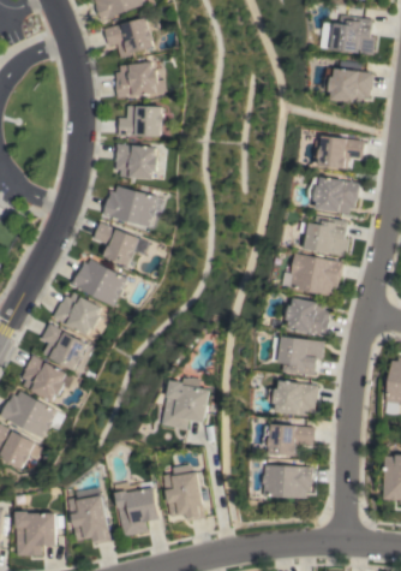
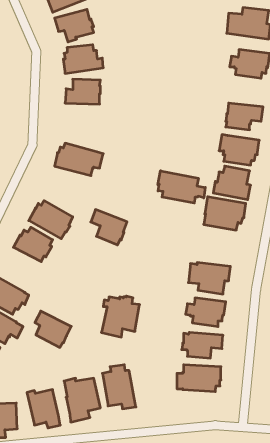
building: [114,144,157,180] -> none
building: none -> [158,171,205,203]
building: [94,222,139,267] -> [91,210,127,245]
building: [287,298,330,337] -> none
building: [41,325,86,370] -> [35,311,71,347]

